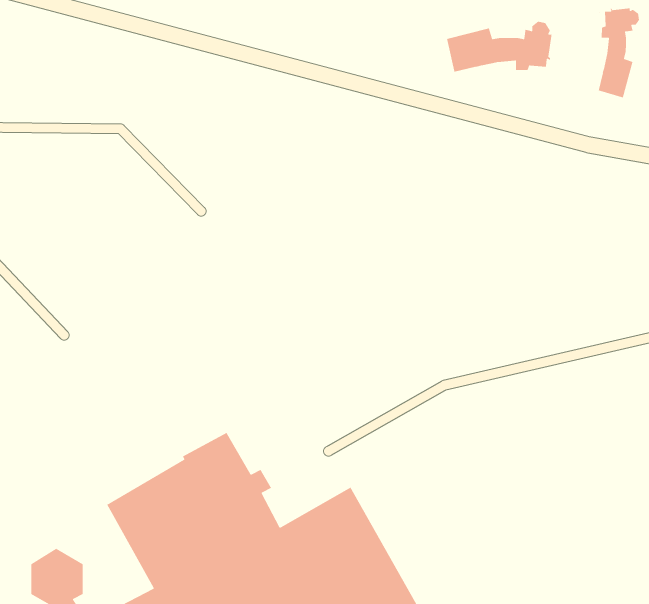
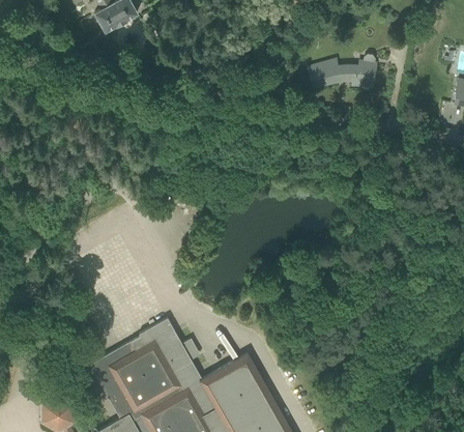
building: [597,7,640,99] -> none

